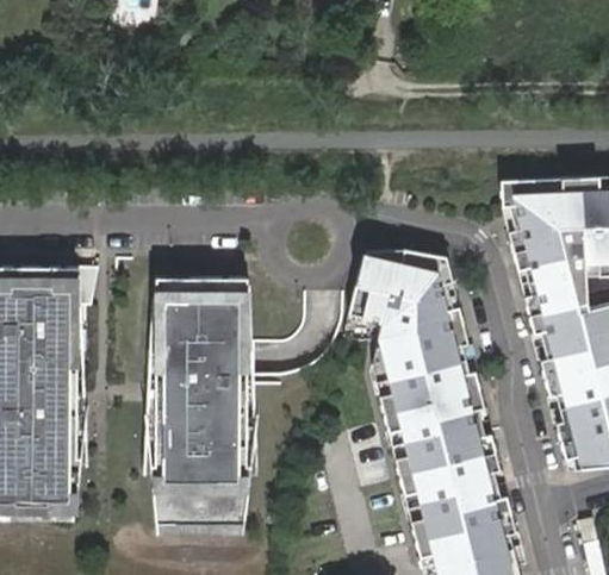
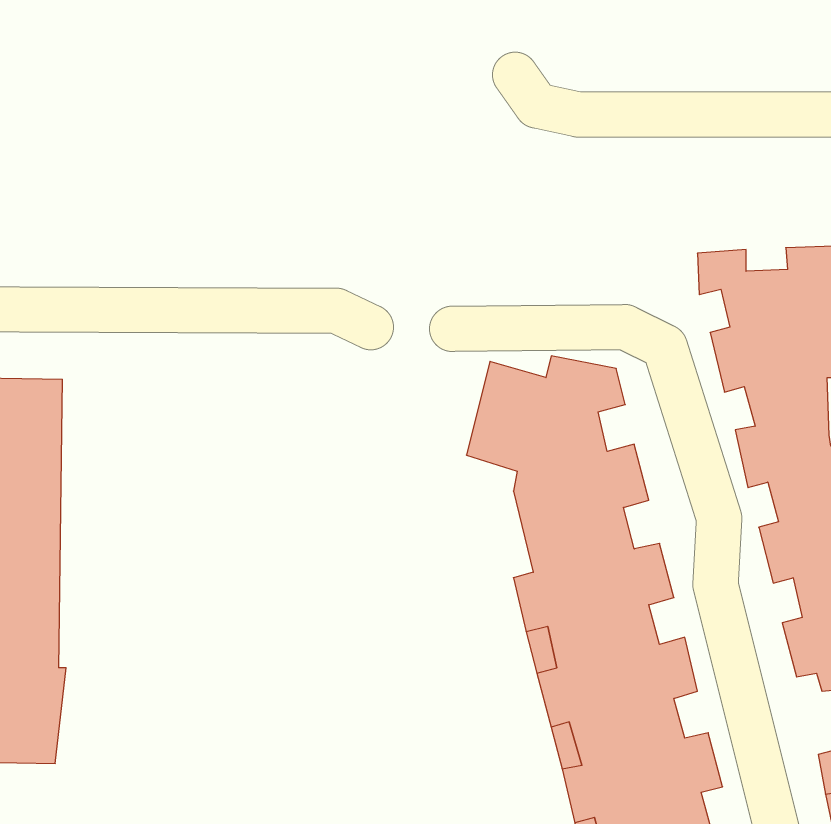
building: [151,275,253,527] -> none

